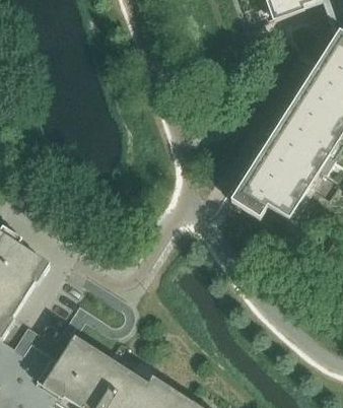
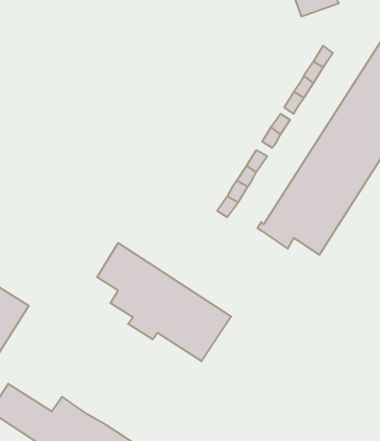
building: none -> [97,243,231,361]

